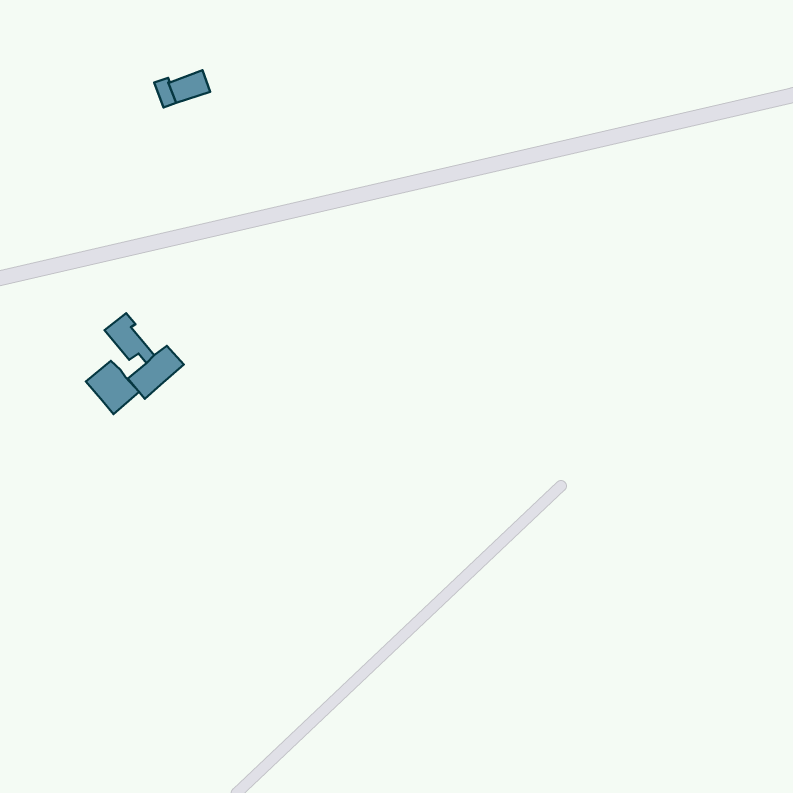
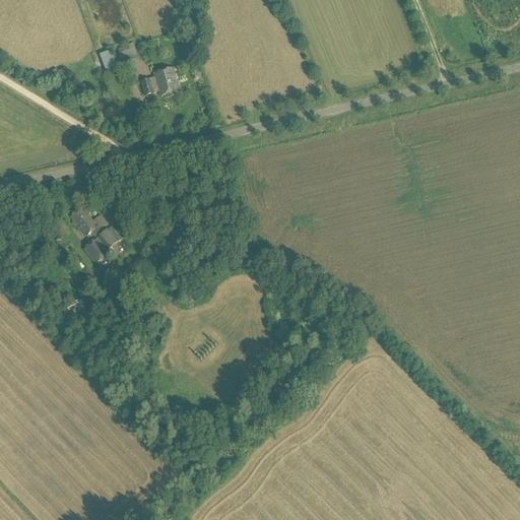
building: none -> [139,66,178,94]
building: [86,361,139,414] -> none

